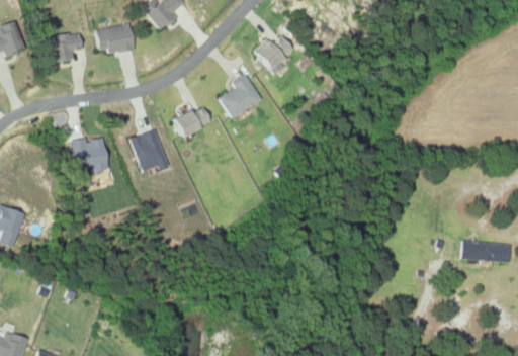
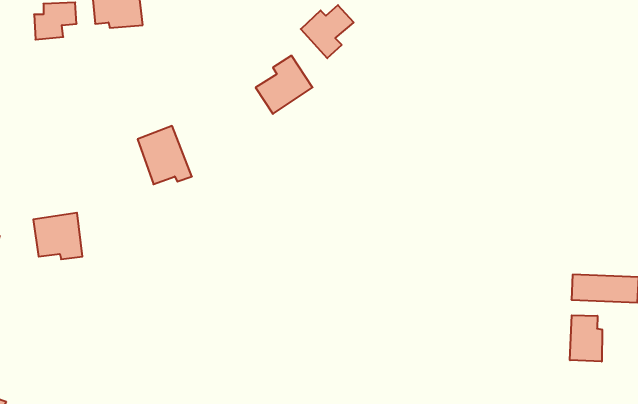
building: [170,105,212,138] -> none
building: [71,137,108,172] -> [33,213,82,259]
building: none -> [570,315,602,362]

